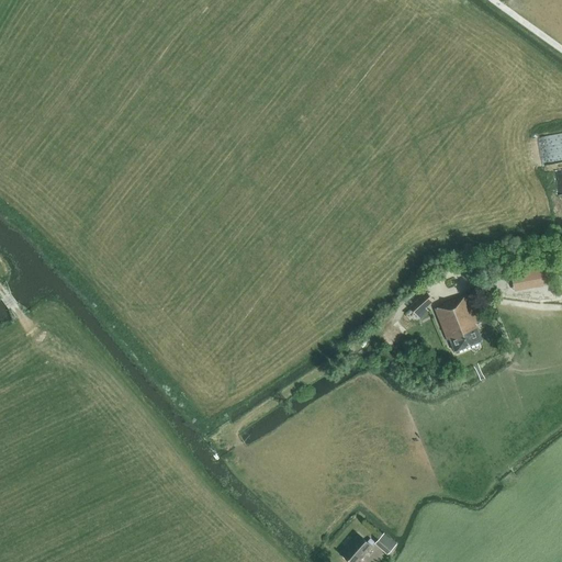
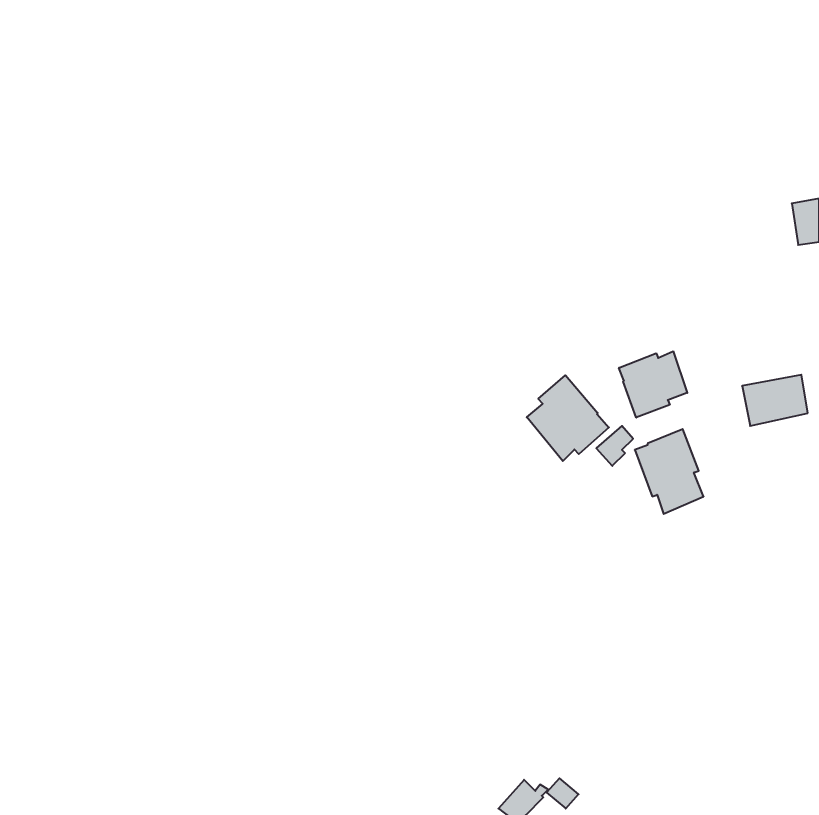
building: none -> [619,351,687,418]
building: none -> [527,375,609,461]

